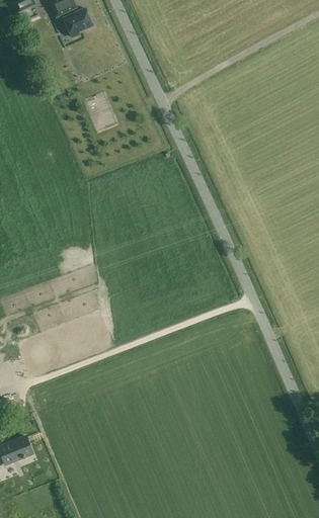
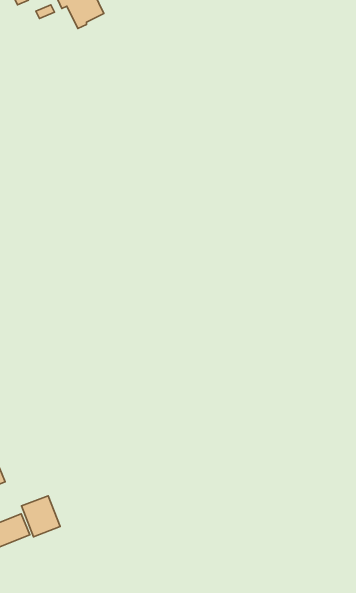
building: none -> [21,496,60,537]

